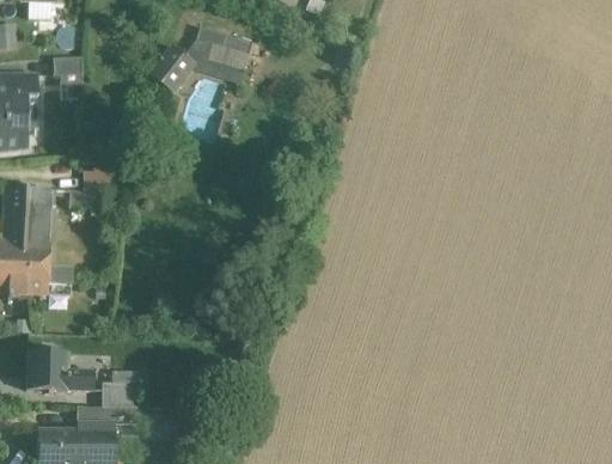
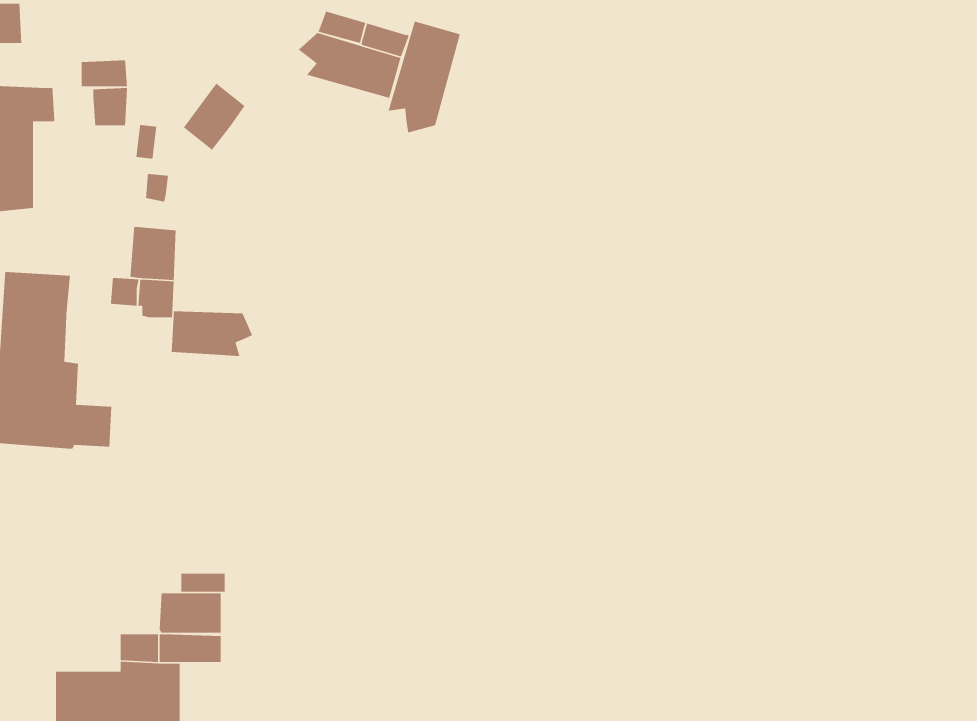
building: none -> [387,20,461,133]
building: [157,44,195,86] -> [183,82,245,151]
building: none -> [171,310,253,357]
building: [29,350,94,391] -> none

